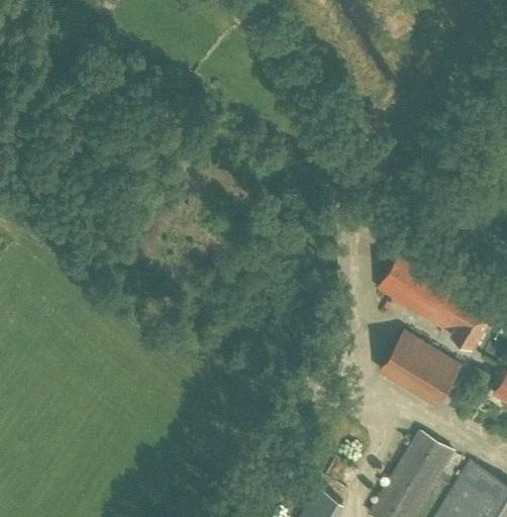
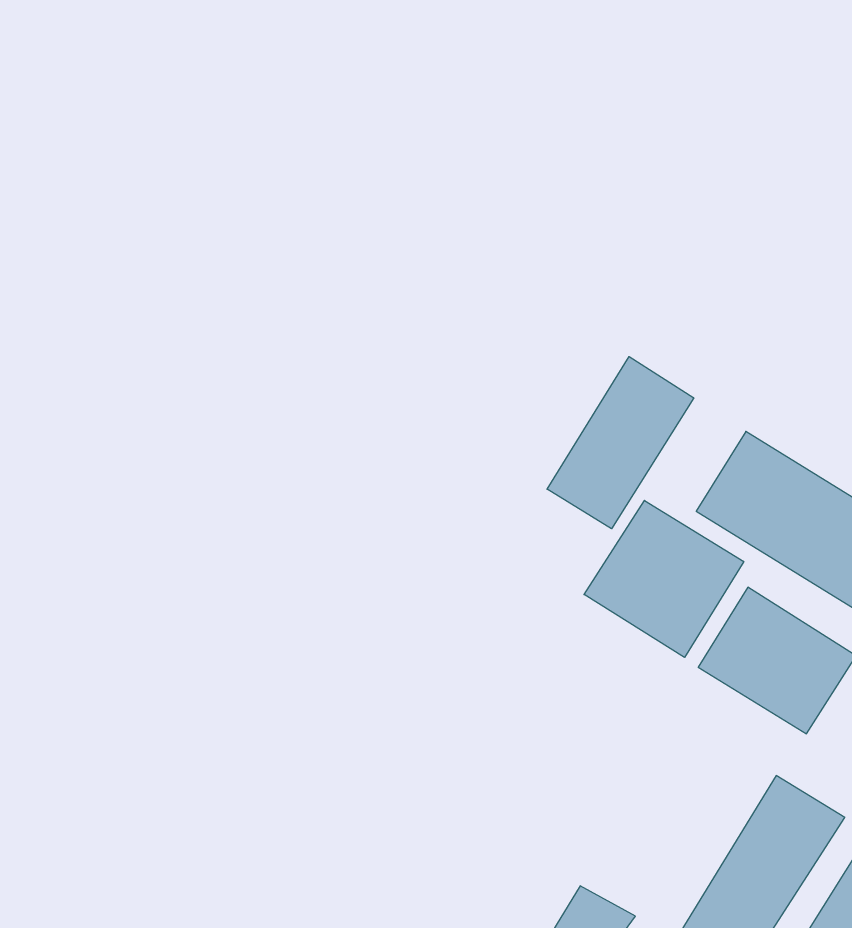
building: none -> [547,357,694,529]
building: none -> [584,500,744,657]

